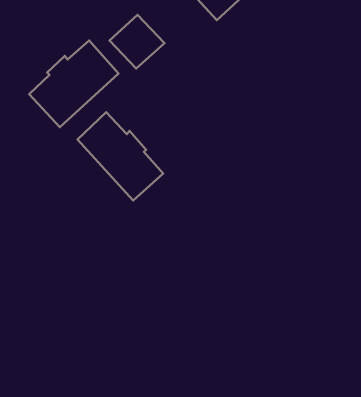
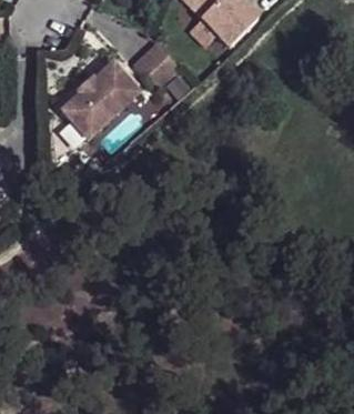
building: [77,112,163,201] -> none

